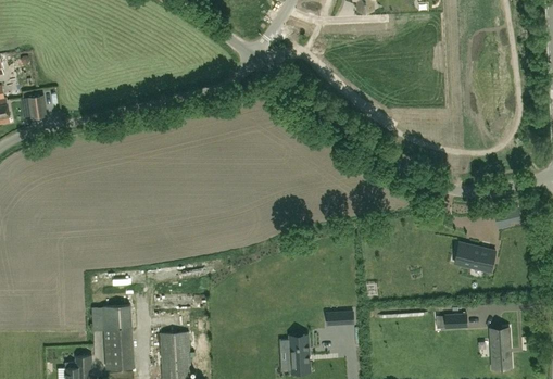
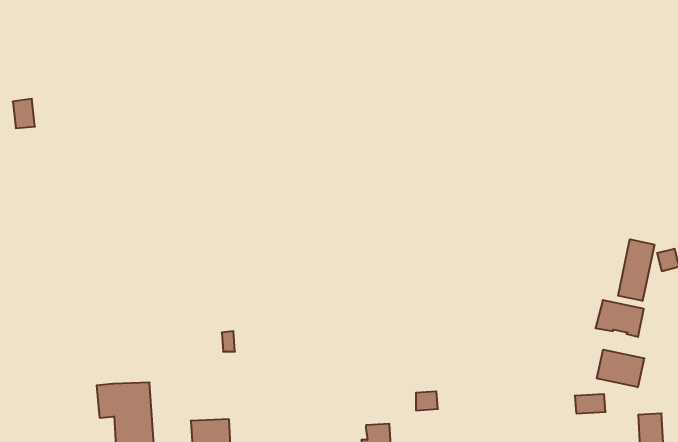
building: none -> [618,239,654,301]
building: none -> [597,350,644,387]

